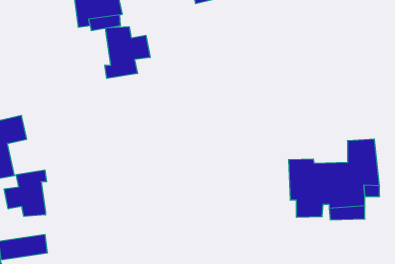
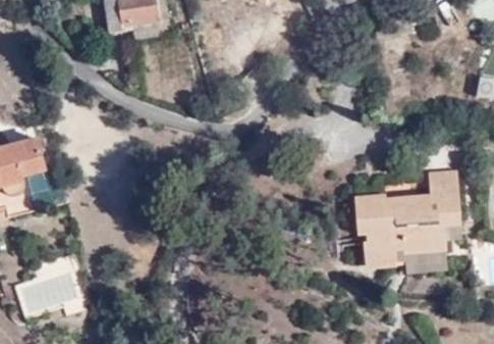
building: [105,27,150,78] -> none
building: [4,170,47,216] -> none

